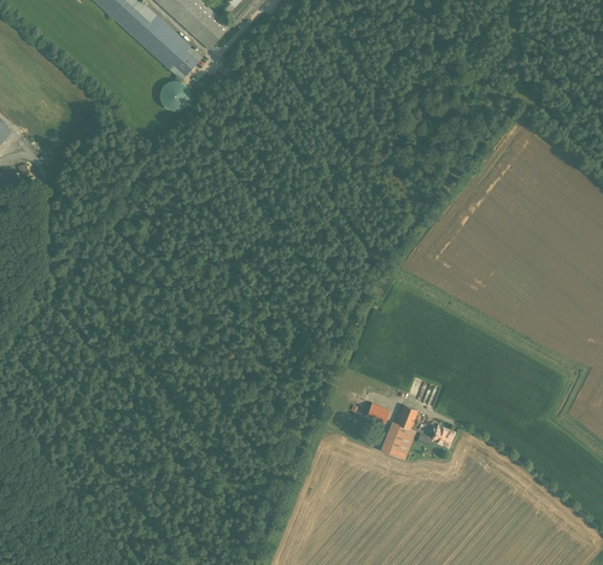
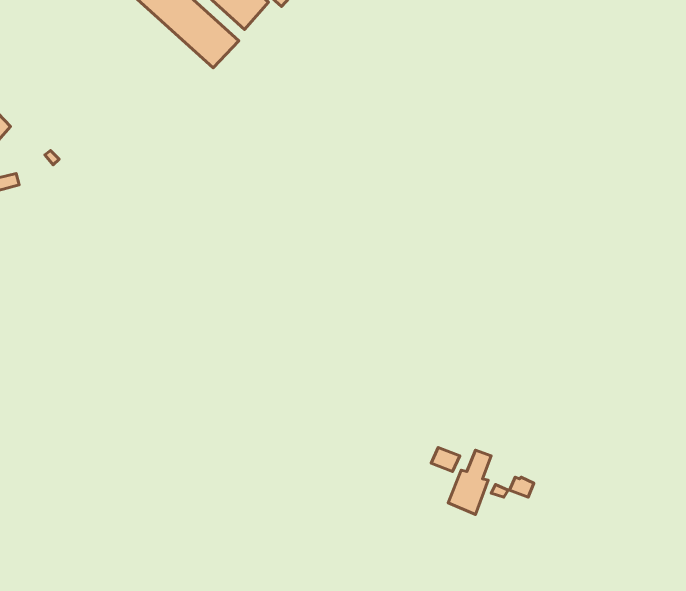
building: [159,78,188,107] -> none

